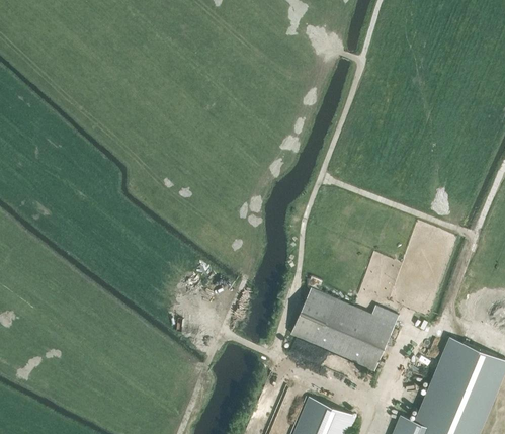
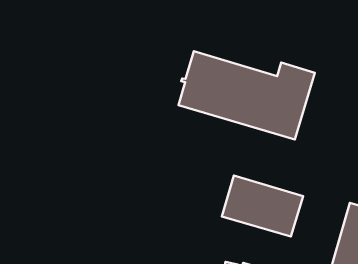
building: none -> [178,51,315,140]

